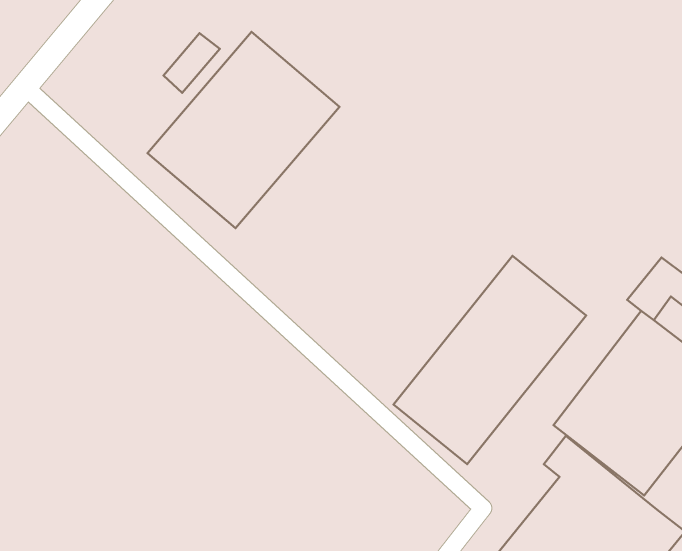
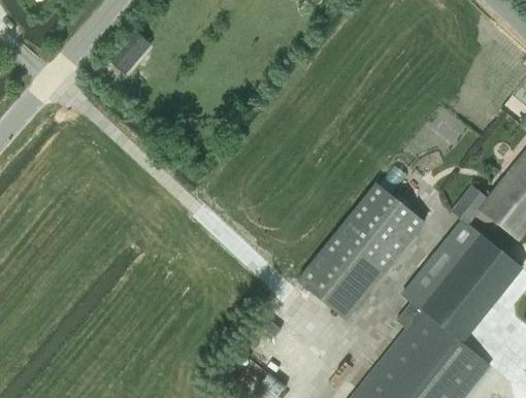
building: [147,32,340,228] -> none
building: [163,33,220,93] -> [110,31,147,70]

